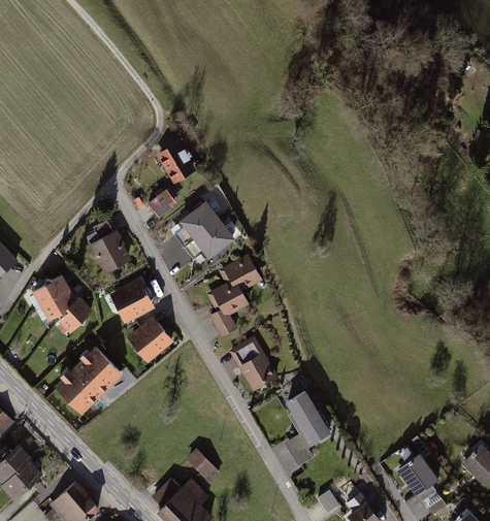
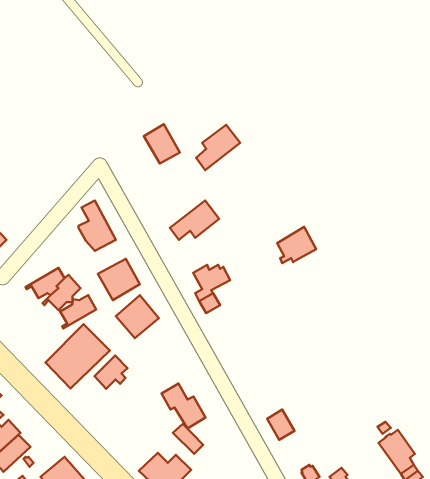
building: [146,188,176,218] -> none
building: [174,202,220,249] -> [196,125,240,170]
building: [219,255,259,292] -> [277,227,316,263]
building: [32,275,69,310] -> [60,295,96,328]
building: [229,341,274,388] -> [162,383,206,429]
building: none -> [95,355,128,389]
building: [288,393,329,445] -> none

